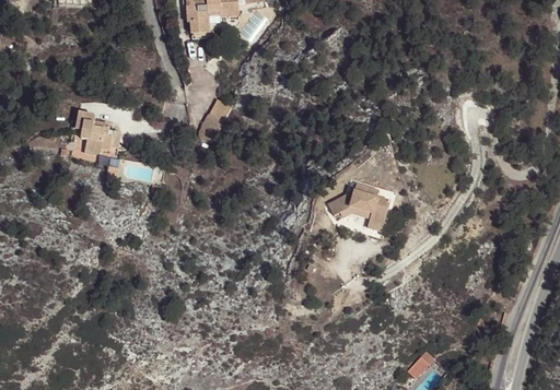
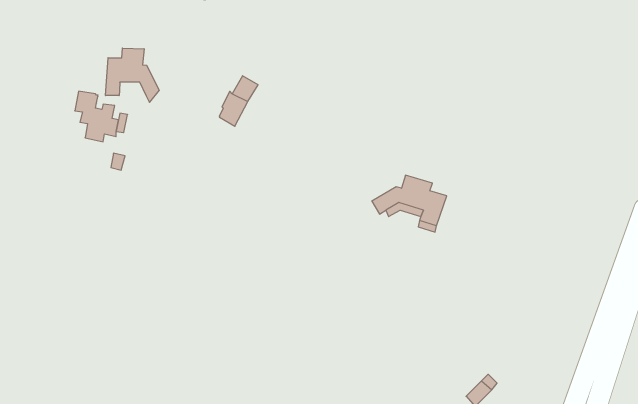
building: none -> [106,48,159,102]

